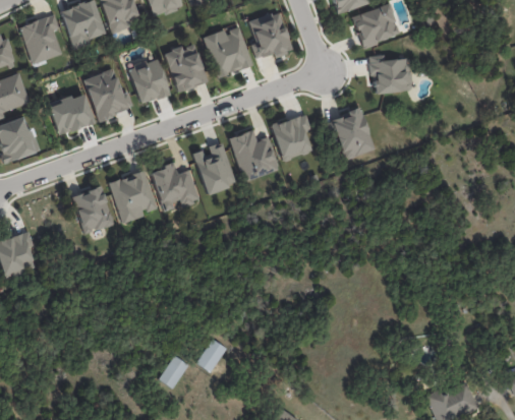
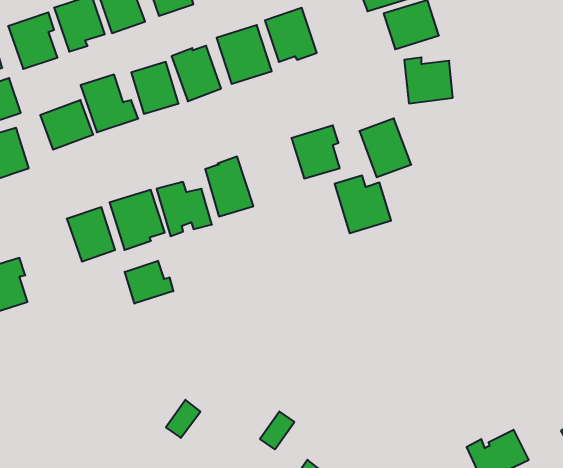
building: [229,130,279,181] -> [335,176,391,233]
building: none -> [125,261,173,304]
building: [197,340,228,373] -> [260,411,294,449]

